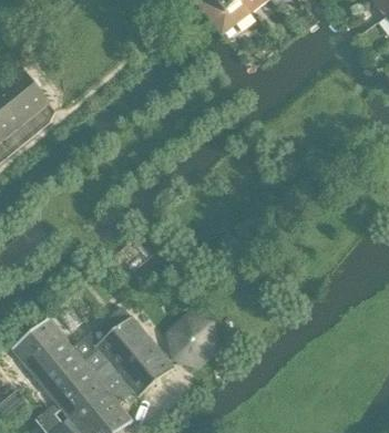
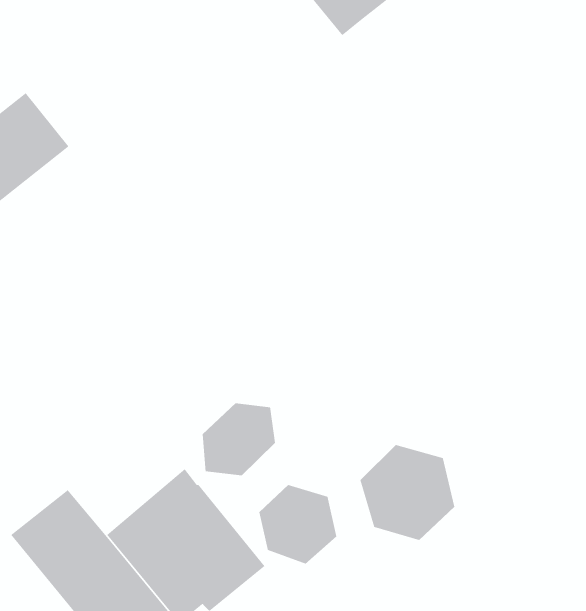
building: none -> [202,403,276,476]
building: none -> [360,444,455,541]

